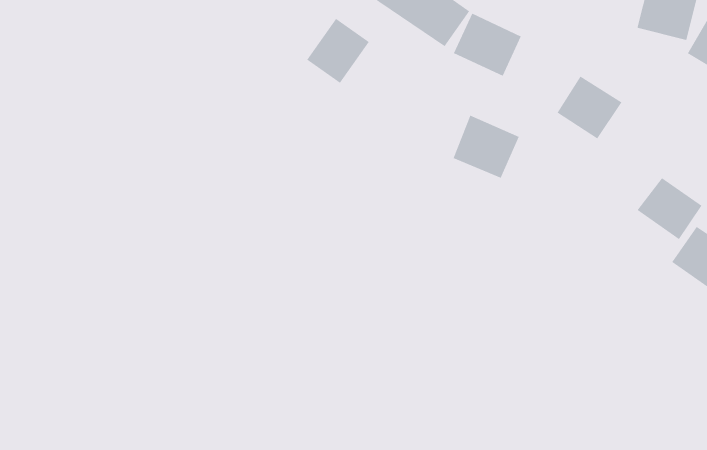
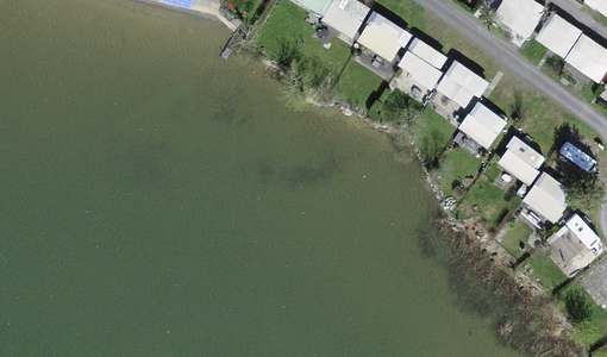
building: [306,18,370,84] -> none
building: [452,115,520,179] -> [398,37,449,86]
building: none -> [459,101,507,149]

